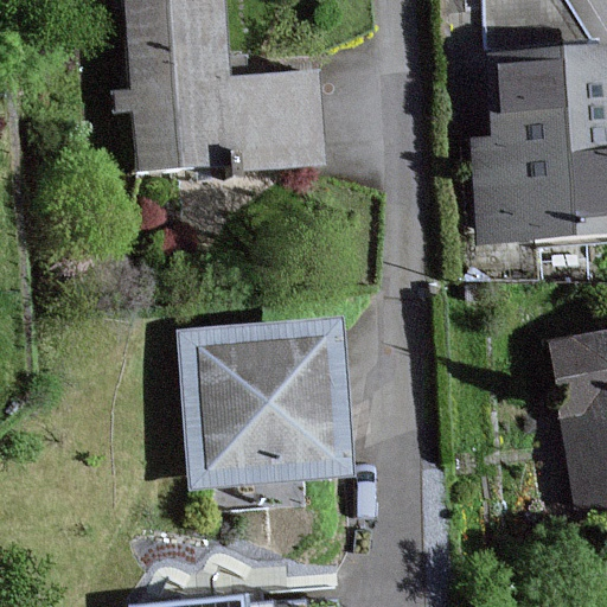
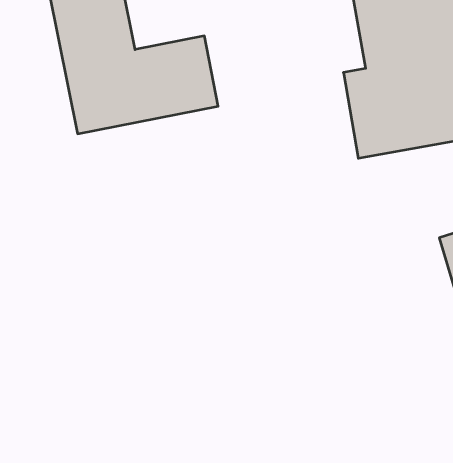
building: [190,320,352,481] -> none

